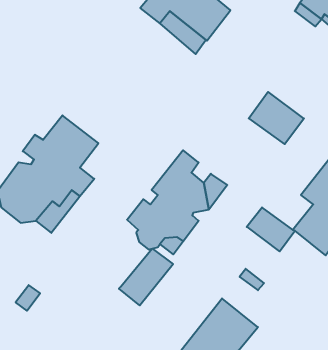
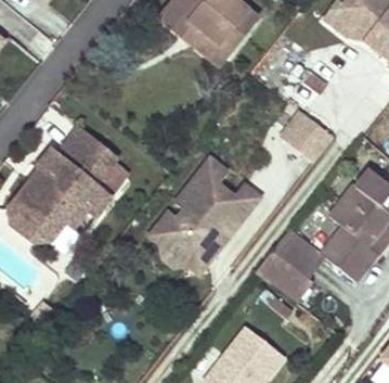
building: none -> [256,247,312,299]
building: [119,249,173,305] -> none

